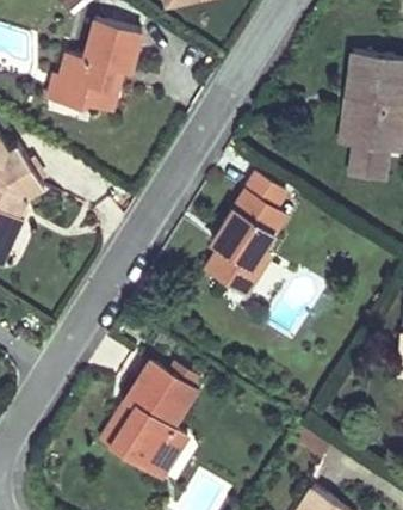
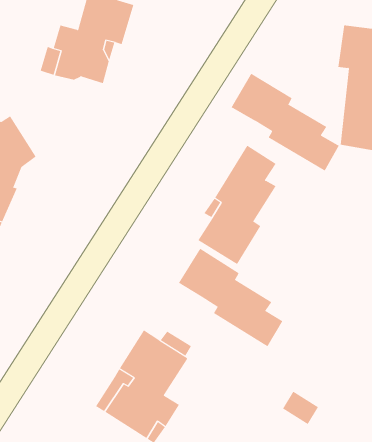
building: none -> [231,73,340,171]
building: none -> [178,248,283,347]

